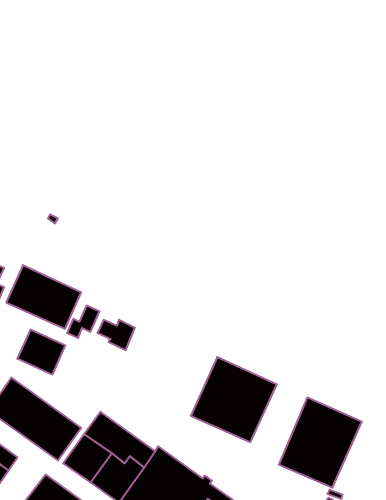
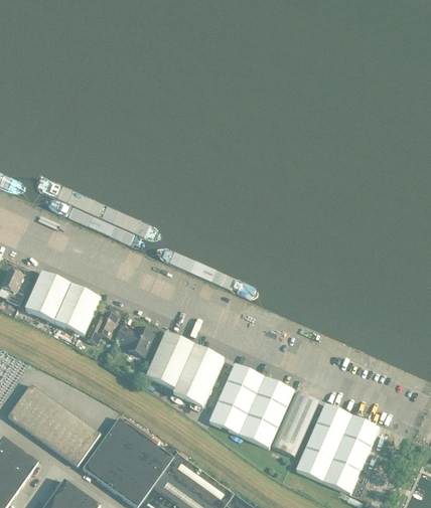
building: none -> [146,333,224,407]
building: [17,329,65,375] -> none
building: none -> [272,392,318,457]

